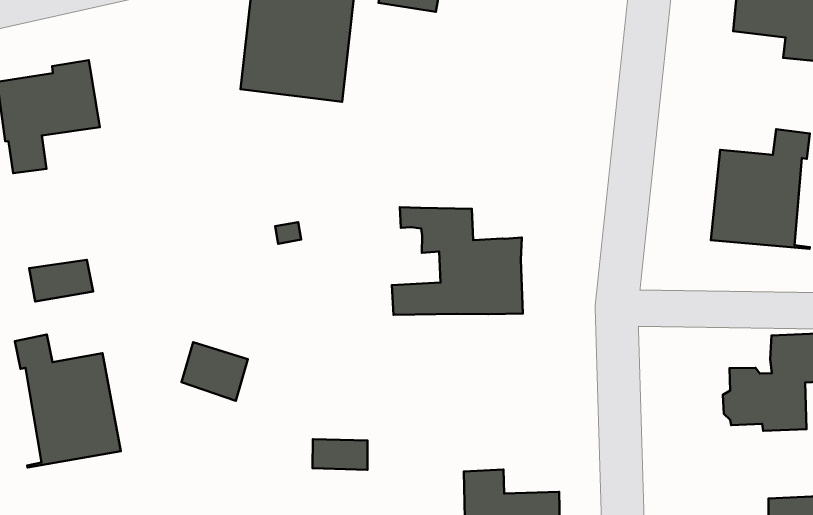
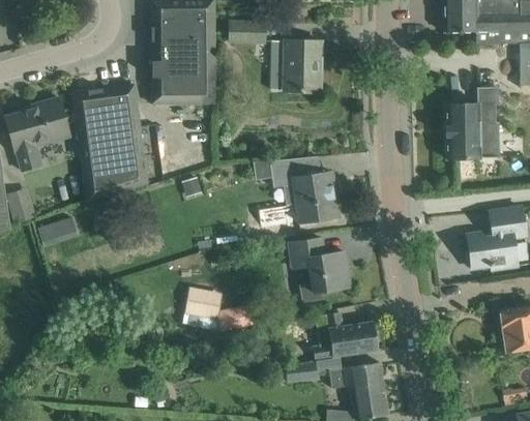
building: none -> [272,39,322,91]
building: none -> [73,84,148,201]
building: [15,334,121,467] -> none
building: [181,342,248,401] -> [184,287,223,319]
building: none -> [290,237,351,301]

